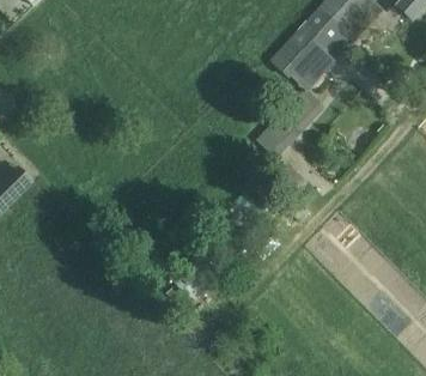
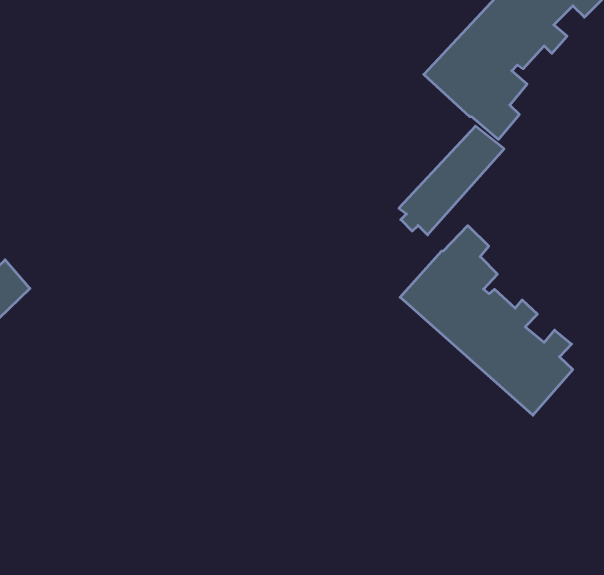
building: none -> [400,226,573,415]

